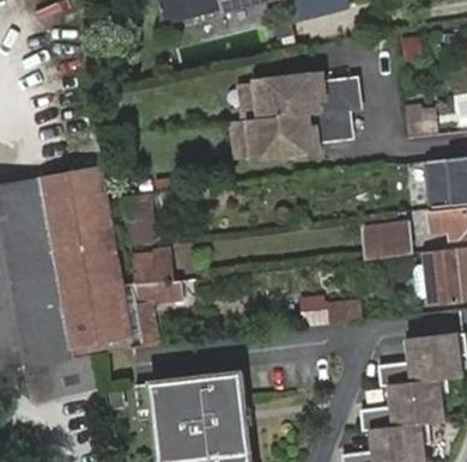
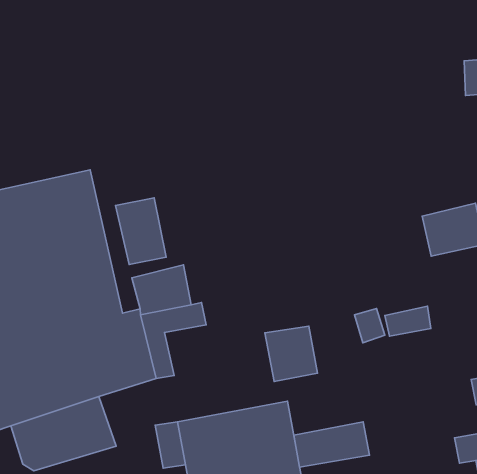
building: [251,74,363,158] -> none
building: none -> [265,326,317,382]
building: none -> [294,422,370,467]

